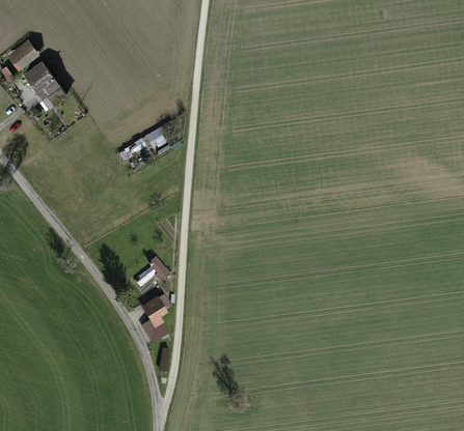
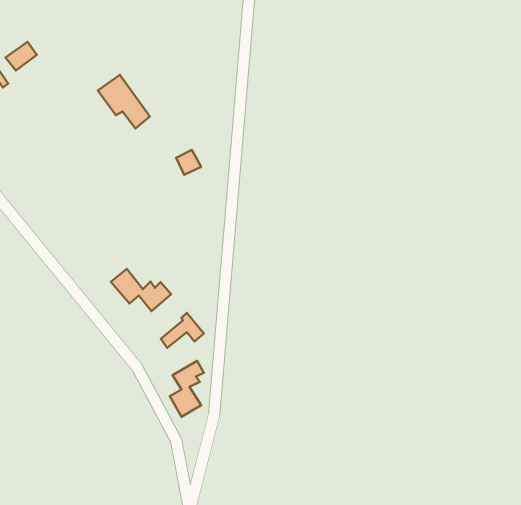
building: [24,60,65,103] -> [98,75,150,128]
building: none -> [111,269,171,311]

